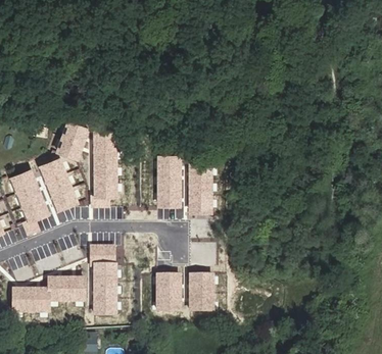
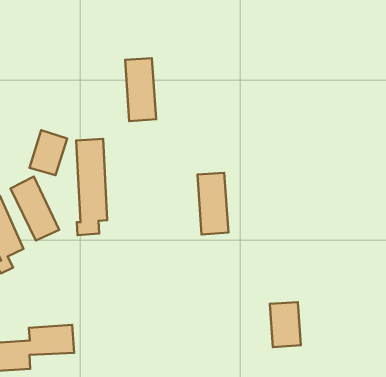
building: [159,157,181,206] -> [125,58,156,121]
building: [90,246,114,314] -> none
building: [156,274,179,310] -> none
building: [189,275,211,310] -> [270,302,301,347]

